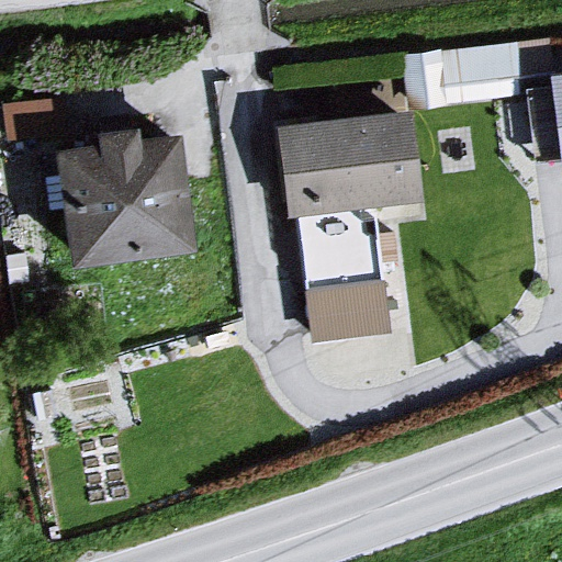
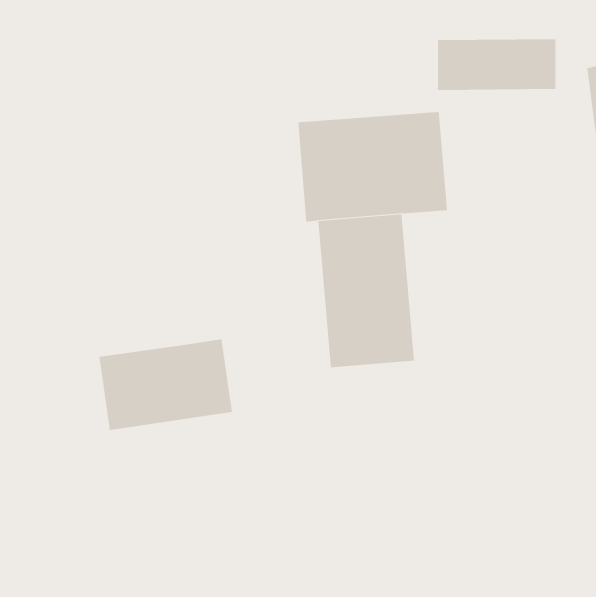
building: [40,136,186,274] -> none
building: none -> [99,339,232,431]

